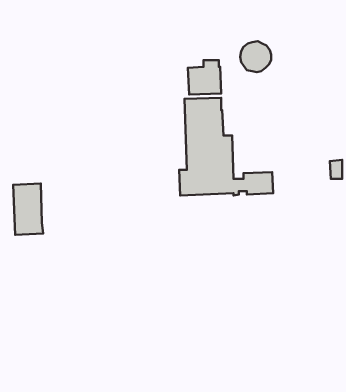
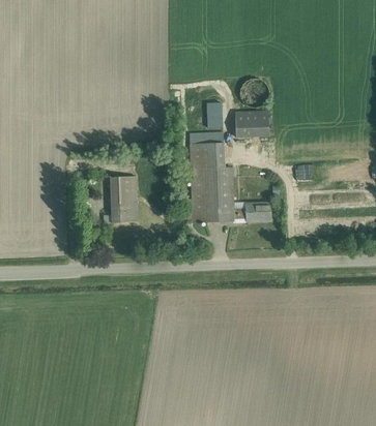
building: none -> [235,110,268,138]
building: [13,184,43,235] -> [110,176,138,223]

